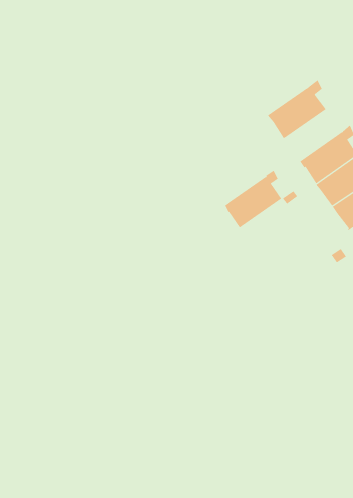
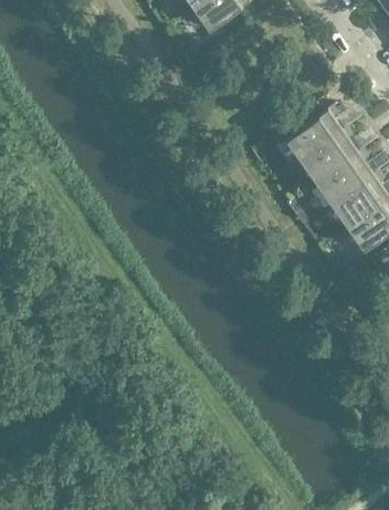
building: [224,170,282,229] -> [301,129,356,186]

